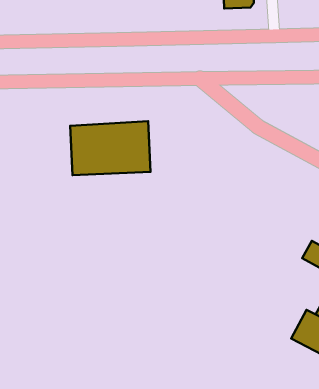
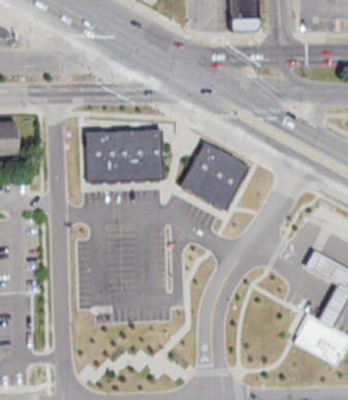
building: none -> [183,146,251,213]

